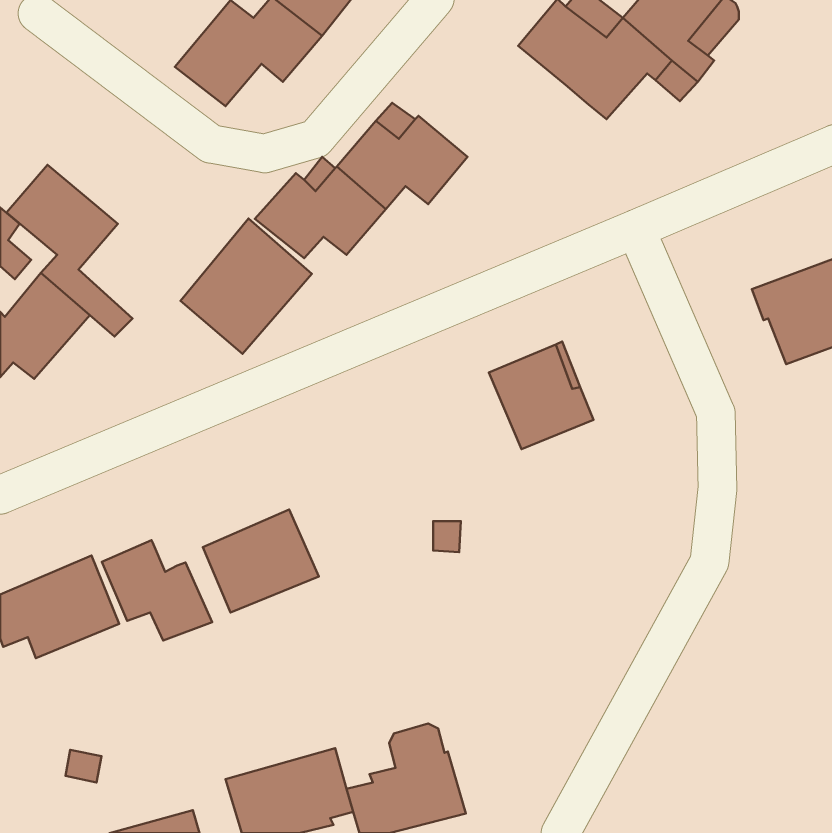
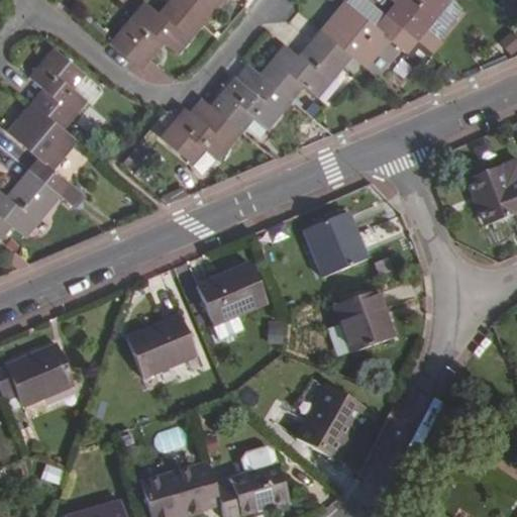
building: none -> [261,28,351,97]
building: none -> [28,47,99,127]
building: [180,219,312,354] -> none
building: none -> [197,263,269,327]
building: none -> [334,290,396,353]
building: [102,540,212,641] -> none
building: none -> [296,385,366,460]

